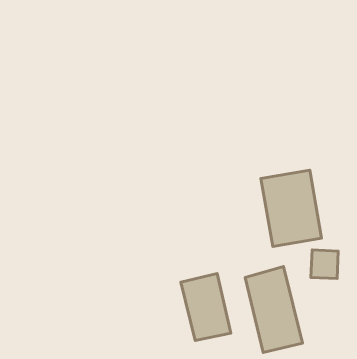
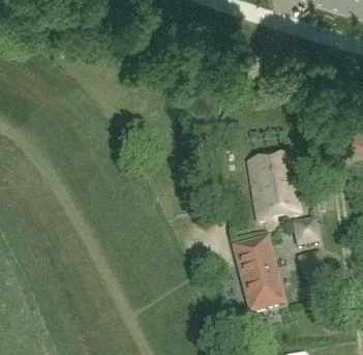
building: [181,274,231,341] -> none

